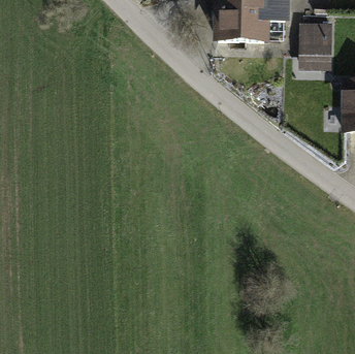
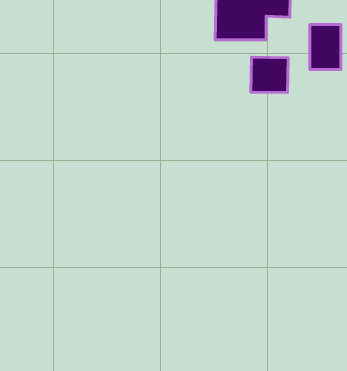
building: none -> [251,57,288,93]

